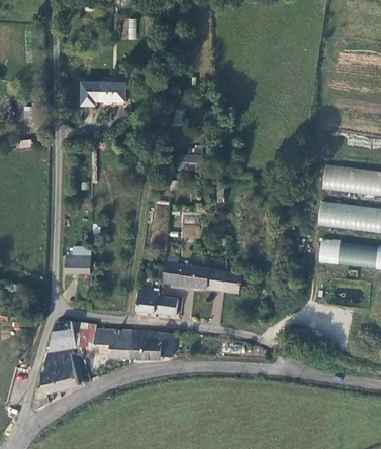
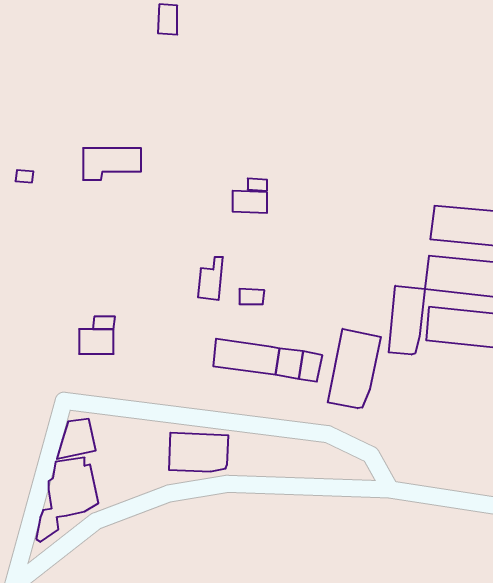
building: [83,83,125,106] -> [83,148,141,180]
building: none -> [389,286,425,355]
building: none -> [328,329,381,408]
building: [136,287,176,314] -> none
building: [88,322,131,357] -> none

